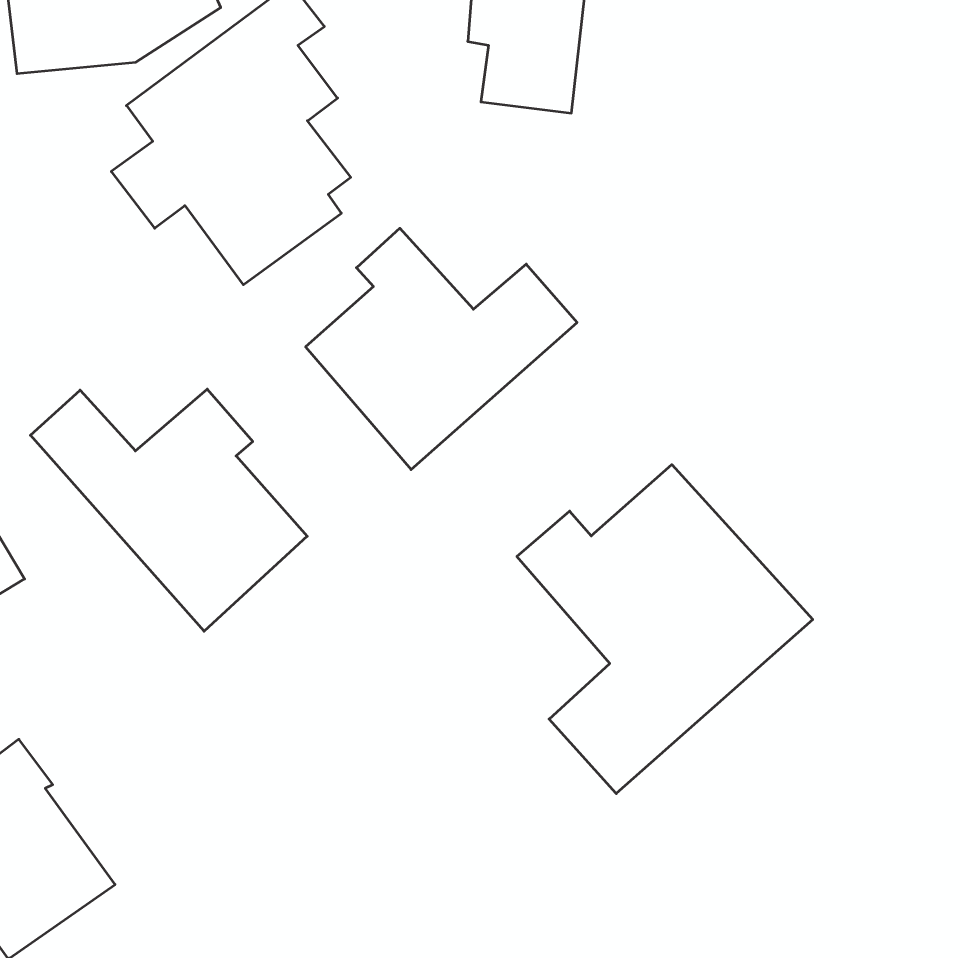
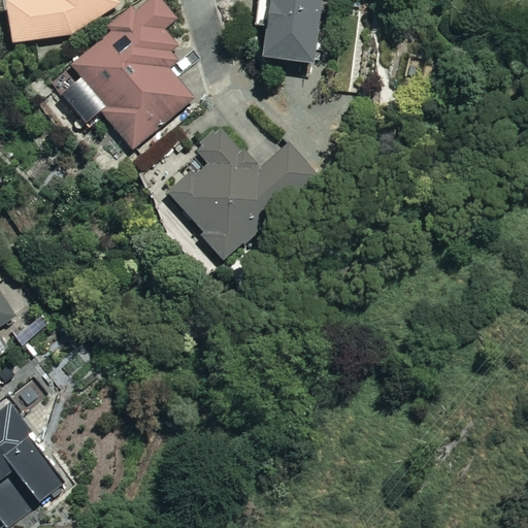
building: [30,389,307,631] -> none
building: [517,465,813,794] -> none

